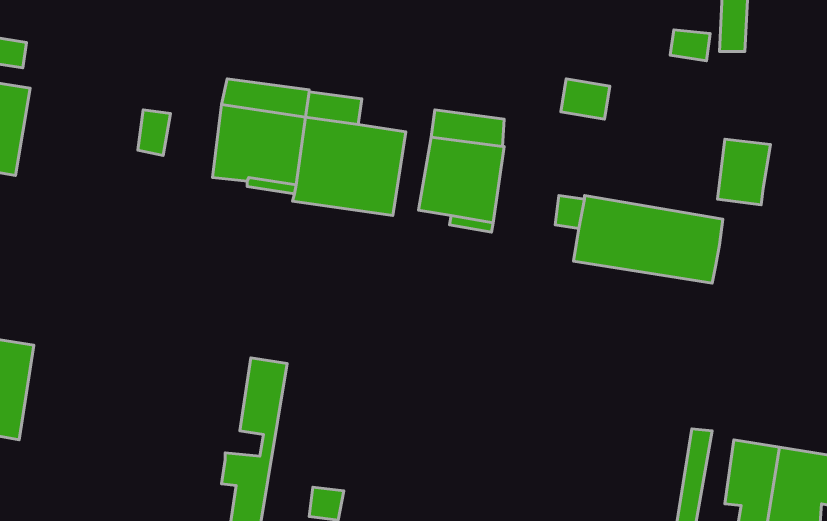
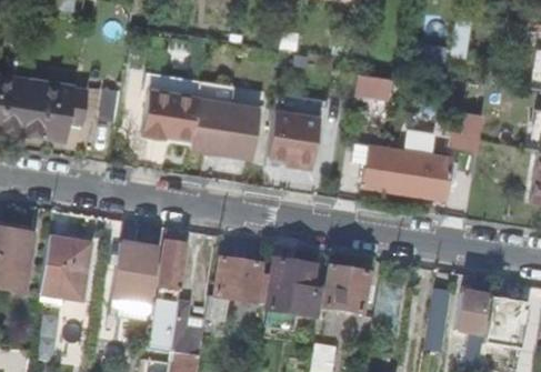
building: none -> [22,78,88,138]
building: none -> [41,237,91,300]
building: none -> [110,242,158,304]
building: none -> [213,257,261,303]
building: none -> [266,260,319,316]
building: none -> [322,268,370,314]

